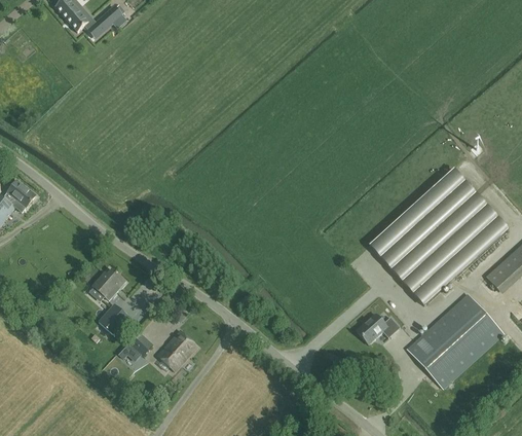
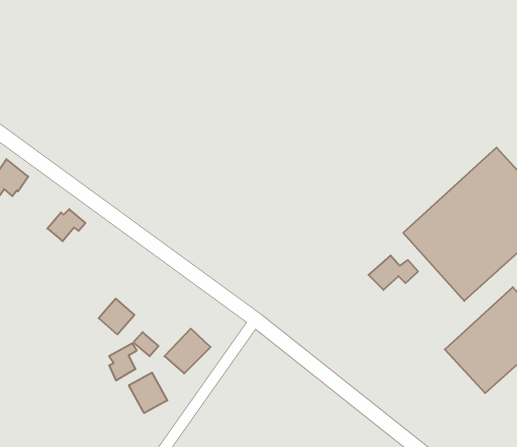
building: [92,268,126,297] -> [47,209,85,241]
building: [356,313,400,343] -> [368,255,418,290]
building: none -> [129,373,167,413]

